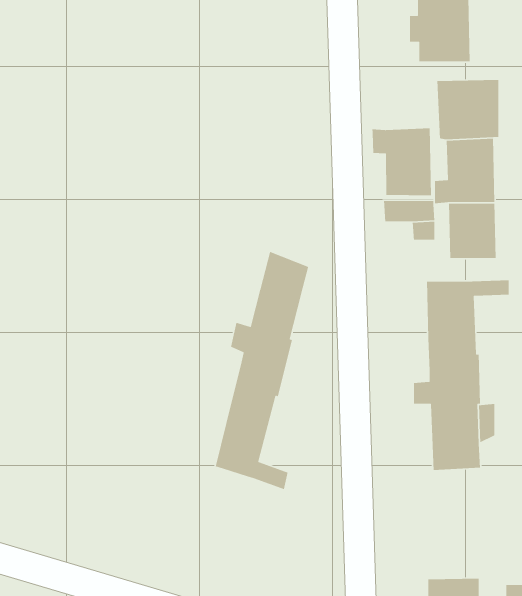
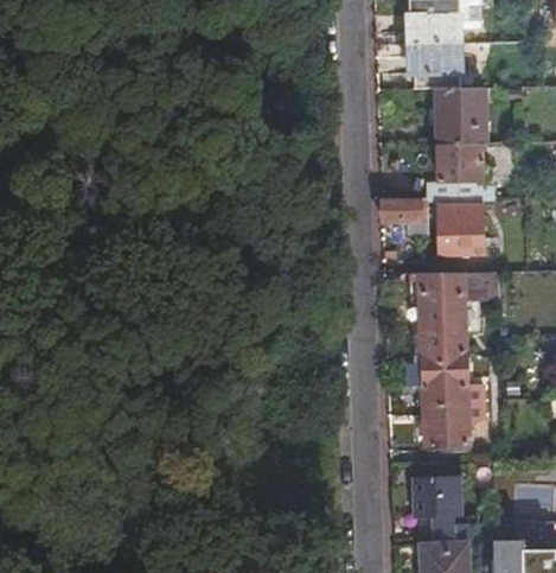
building: [372,128,432,196] -> none
building: [215,251,309,490] -> none
building: none -> [417,477,473,539]

